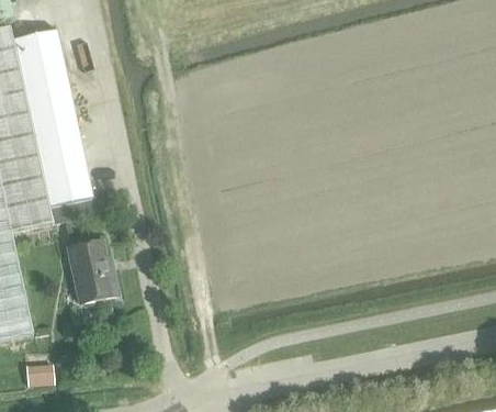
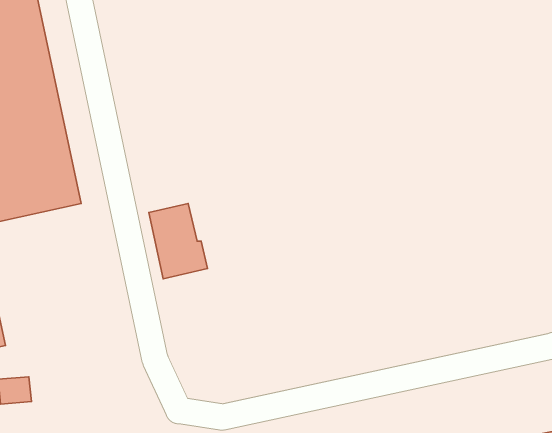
building: [68,238,117,302] -> [149,203,208,279]

